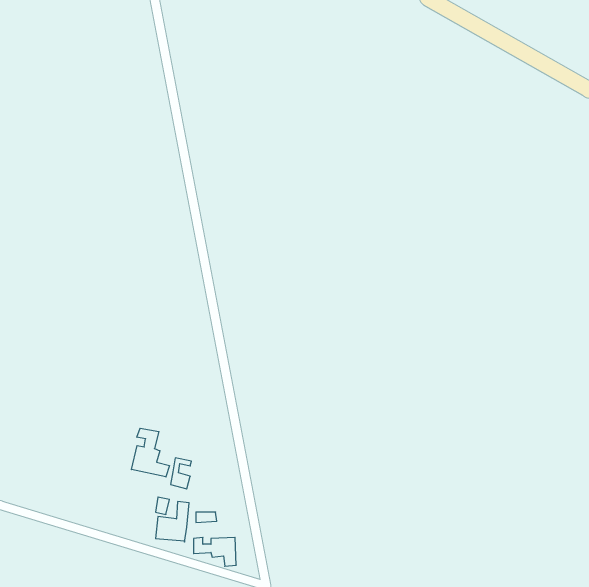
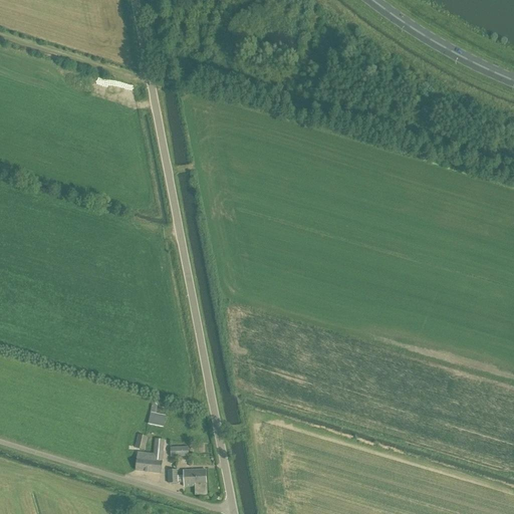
building: [131,428,169,477] -> none

